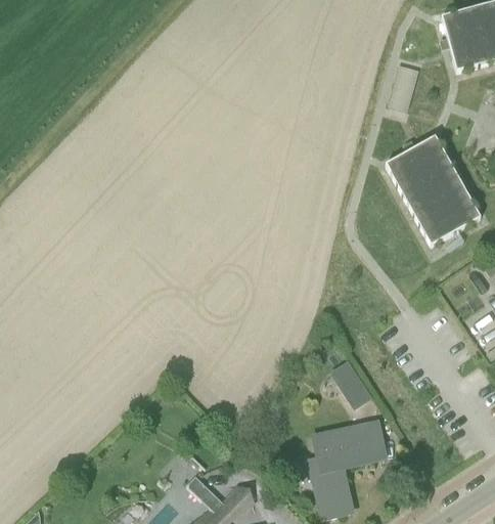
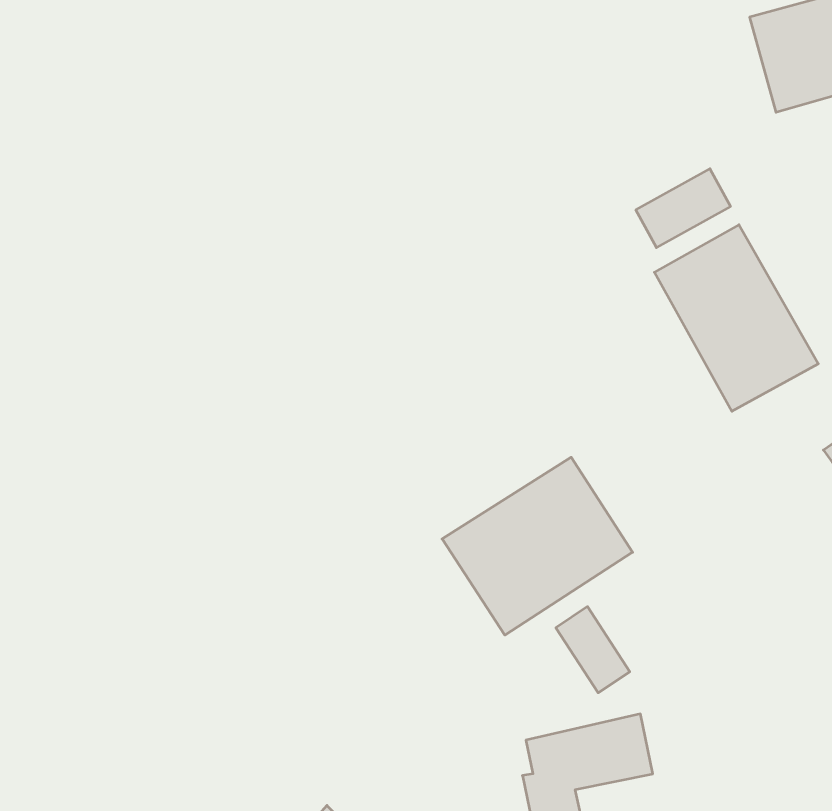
building: none -> [636,169,730,248]
building: none -> [442,457,633,635]

